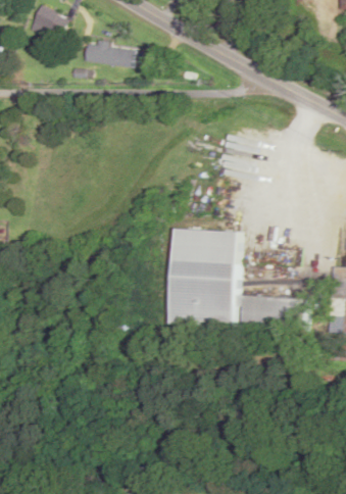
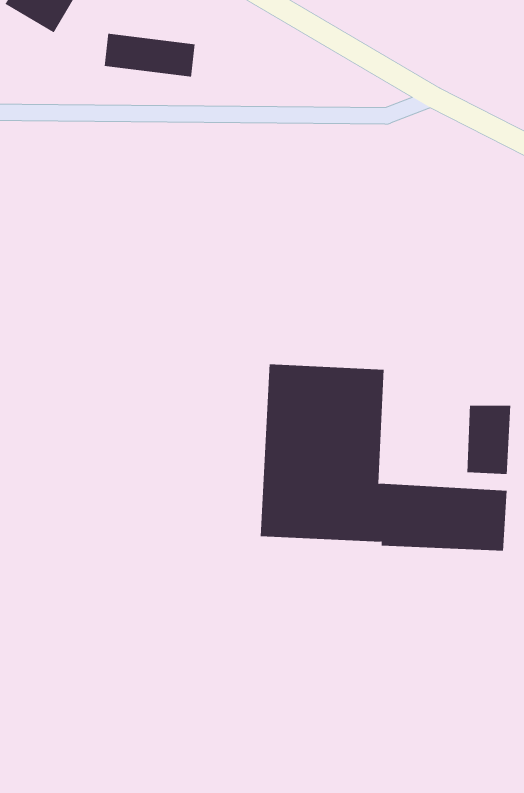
building: none -> [467,405,511,475]

